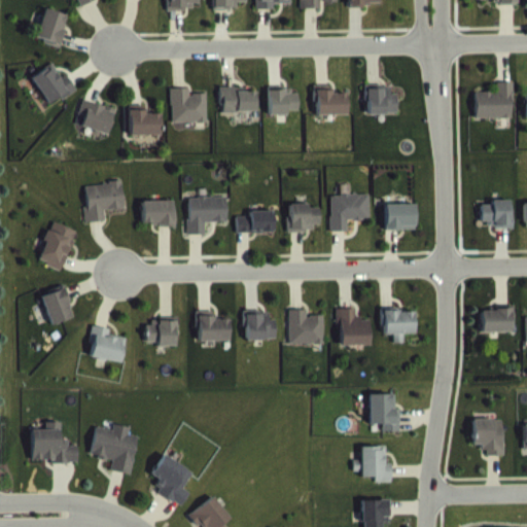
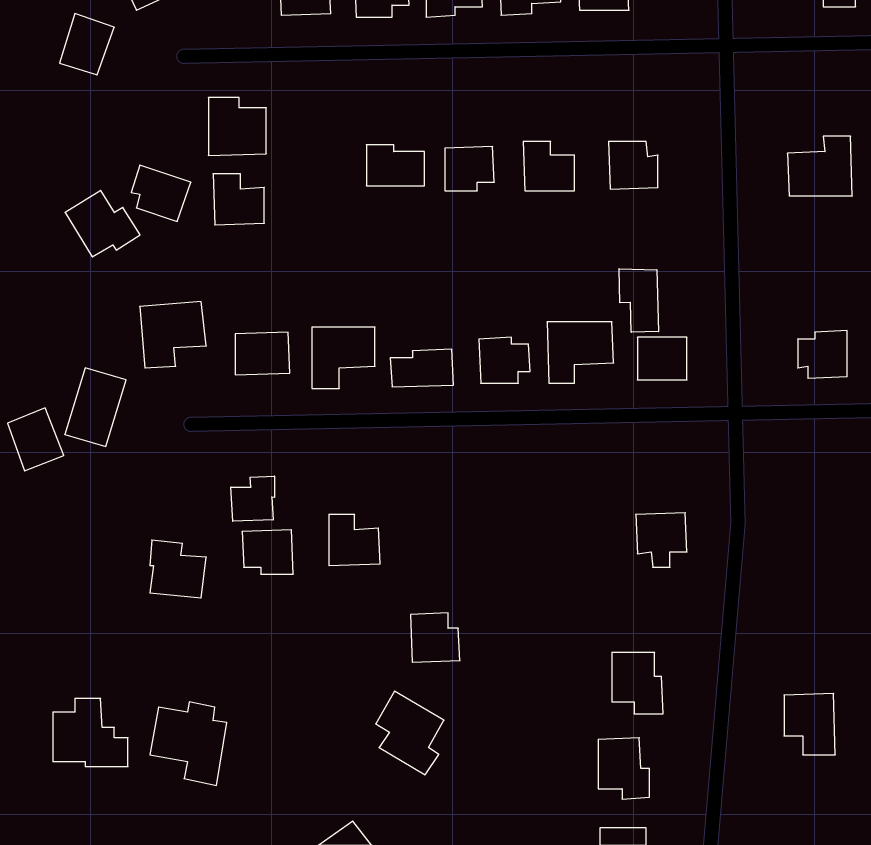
building: [32,64,77,104] -> [65,190,140,257]
building: [172,89,207,124] -> [208,98,266,155]
building: none -> [619,269,658,332]
building: [41,287,75,325] -> [8,408,64,471]
building: none -> [231,476,274,521]
building: [482,308,515,332] -> none
building: [337,309,370,346] -> none
building: [289,310,324,344] -> none
building: [246,311,276,341] -> [411,613,460,662]
building: [151,455,192,505] -> [376,691,444,775]

